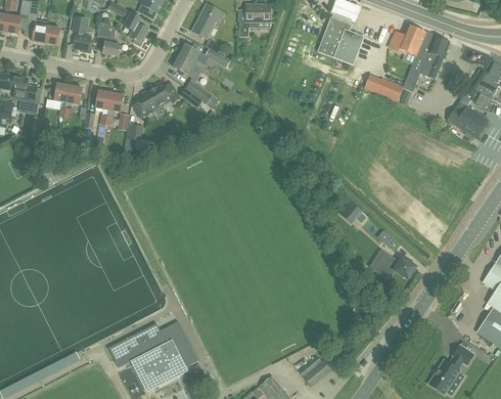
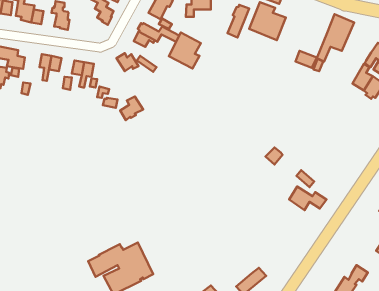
building: none -> [228,5,249,37]
building: [97,21,120,56] -> none
building: [389,26,425,56] -> none
building: none -> [169,33,201,69]
building: [133,88,162,118] -> [120,97,143,120]

